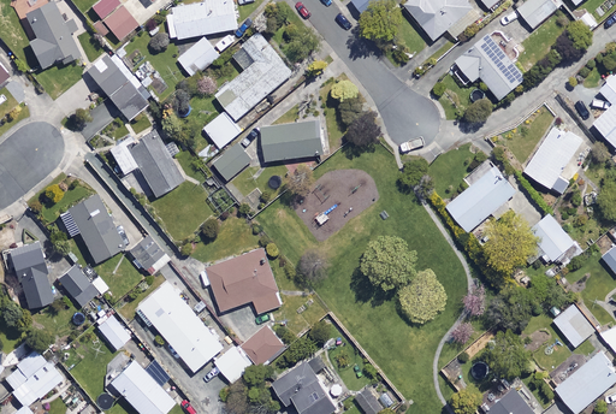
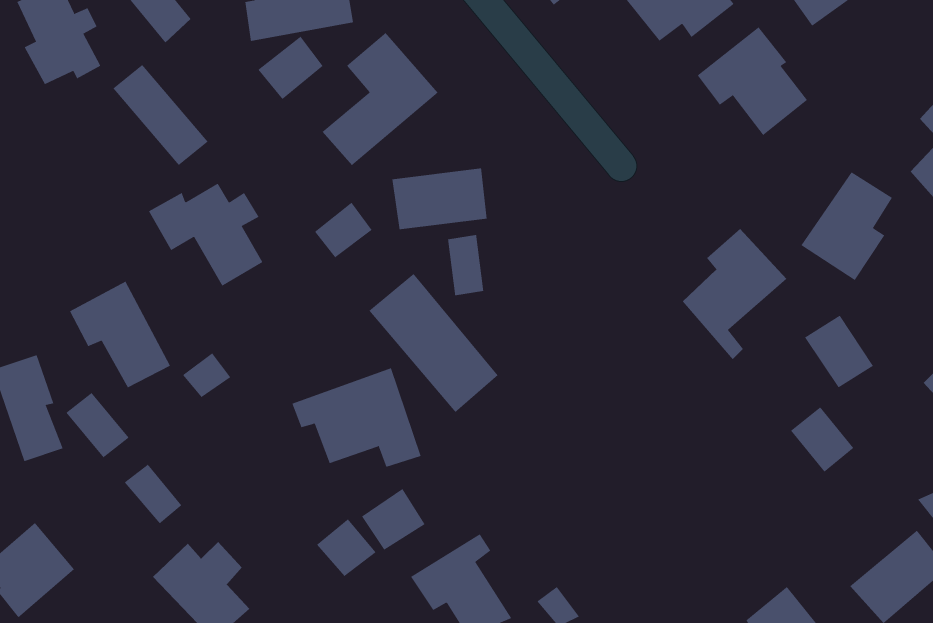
building: [205,111,241,148] -> none
building: none -> [448,234,484,296]
building: [141,282,224,371] -> [369,273,499,413]
building: [552,303,593,345] -> [790,406,854,472]

